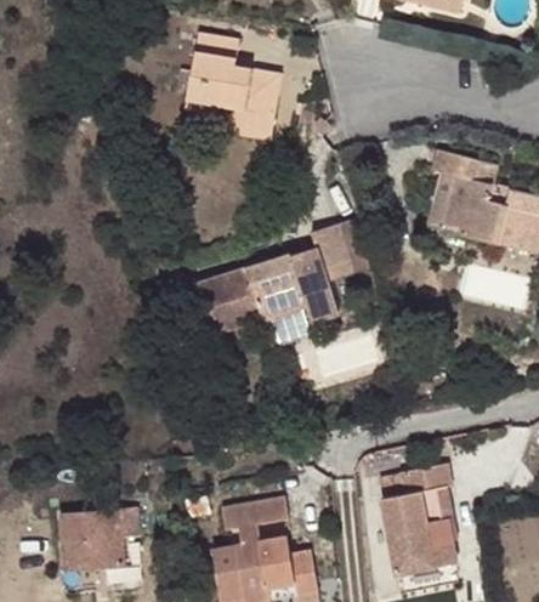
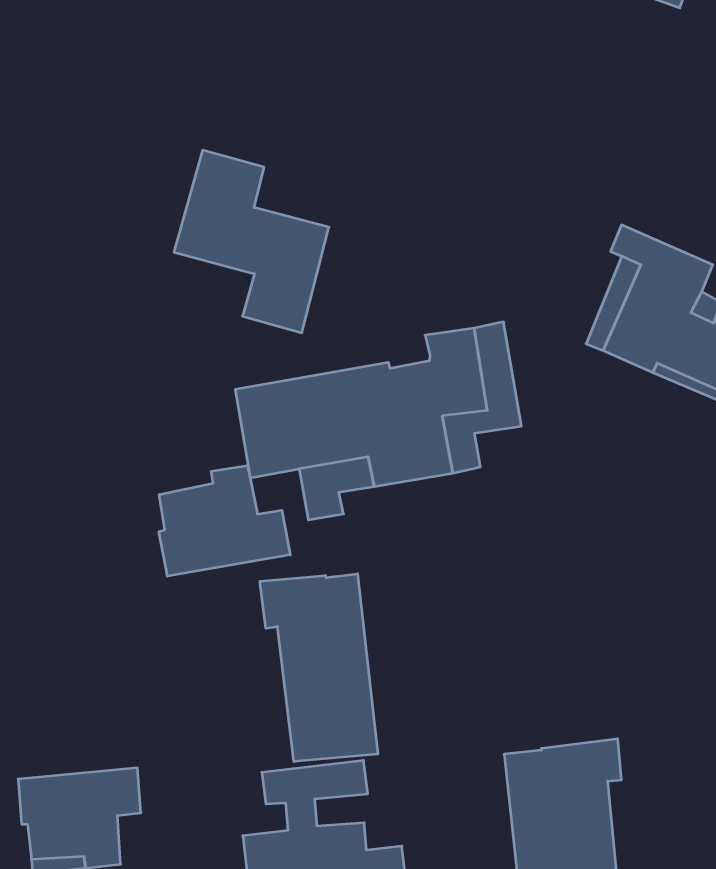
building: [189,32,285,142] -> [174,150,329,333]
building: none -> [159,466,290,576]
building: none -> [260,574,378,762]

